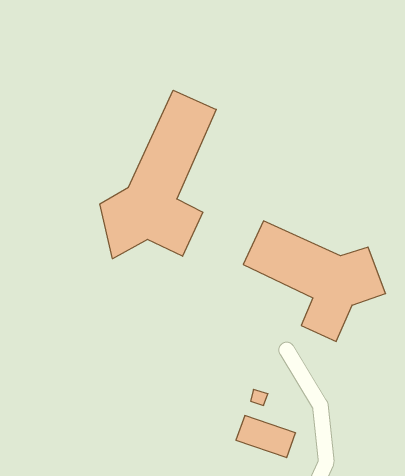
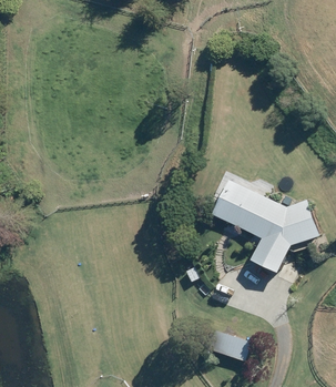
building: [100,90,216,259] -> none

